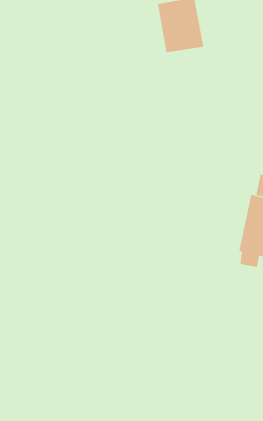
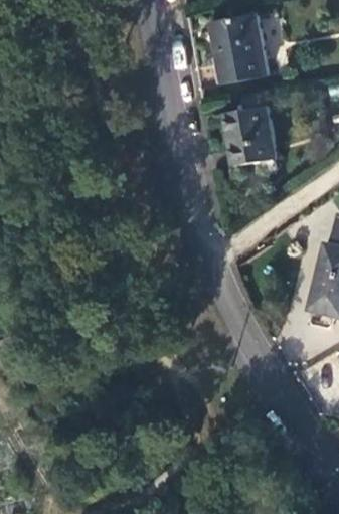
building: none -> [228,102,283,164]

